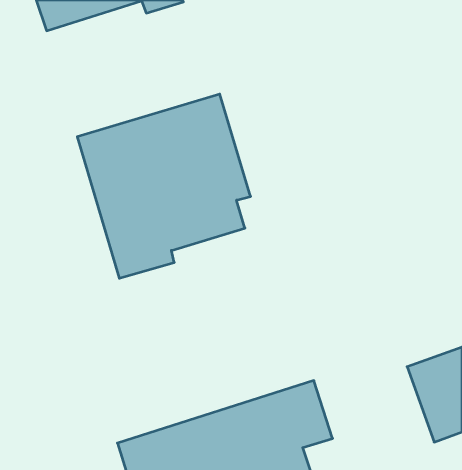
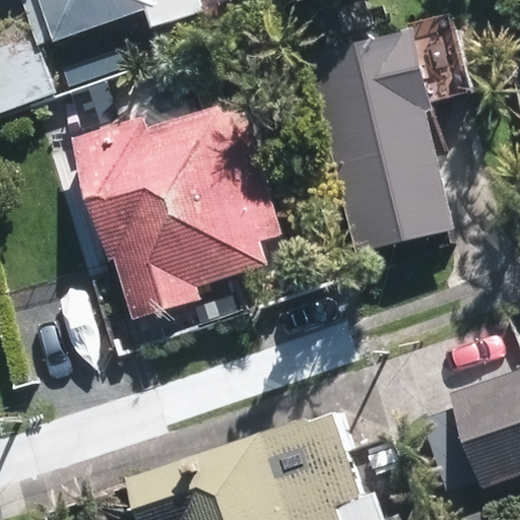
building: none -> [323,45,450,238]

